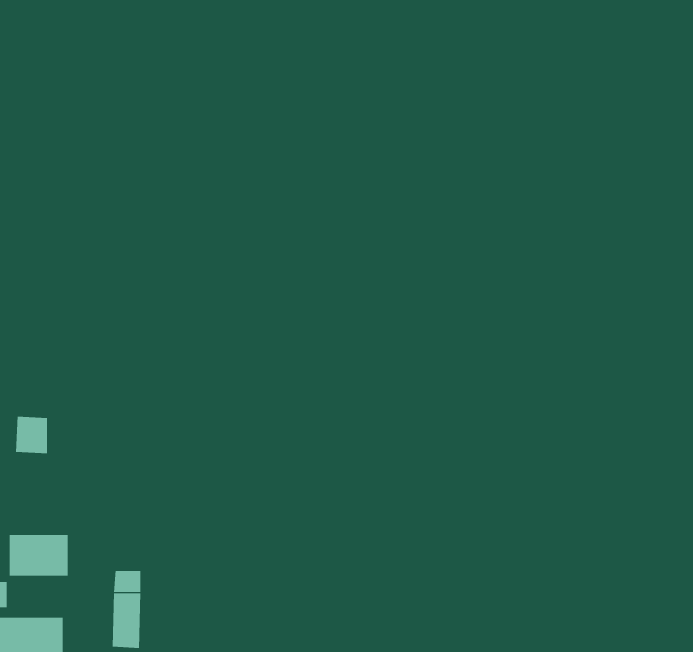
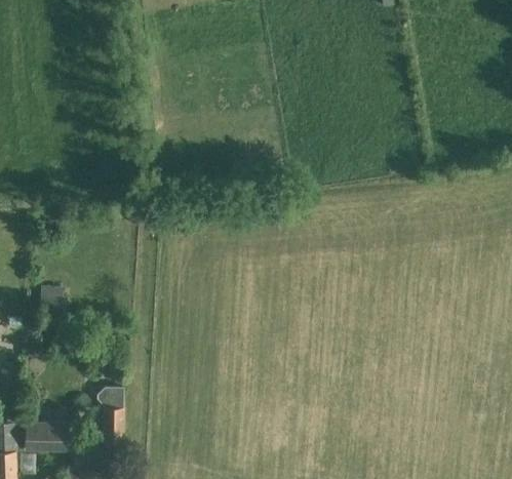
building: [9,534,68,577] -> none

